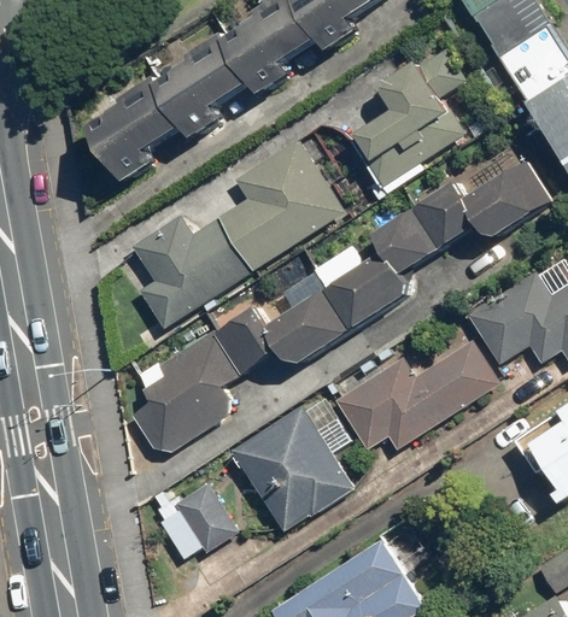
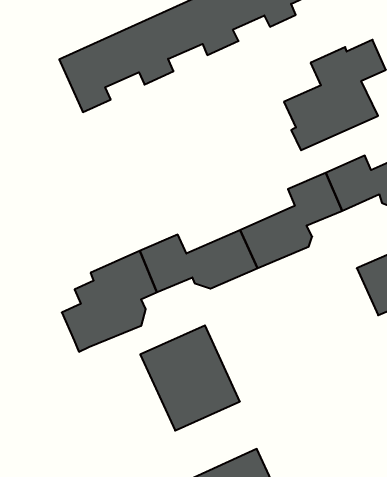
building: [130,139,344,328] -> none
building: [333,342,498,449] -> none
building: [171,482,238,554] -> none

